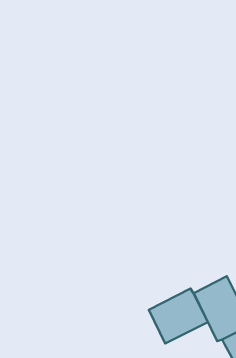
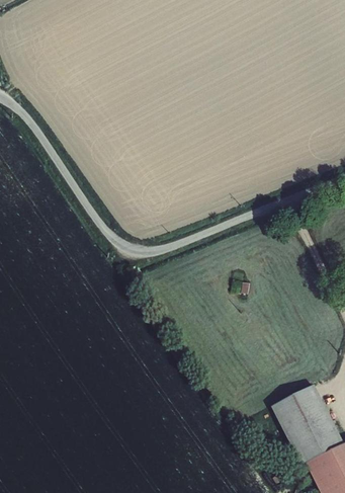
building: [149,288,208,344] -> none

